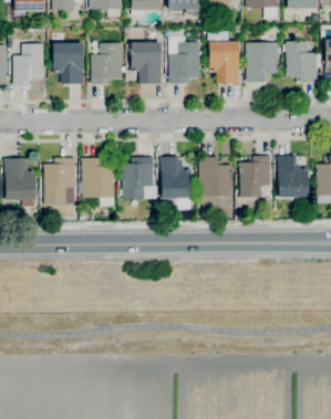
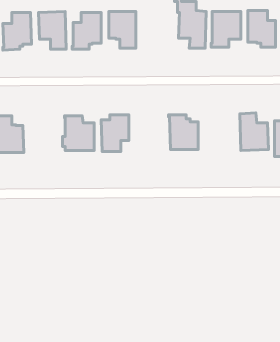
building: [169,42,201,83] -> none
building: [162,156,192,198] -> none
building: [239,156,271,197] -> none
building: [44,157,75,205] -> none

